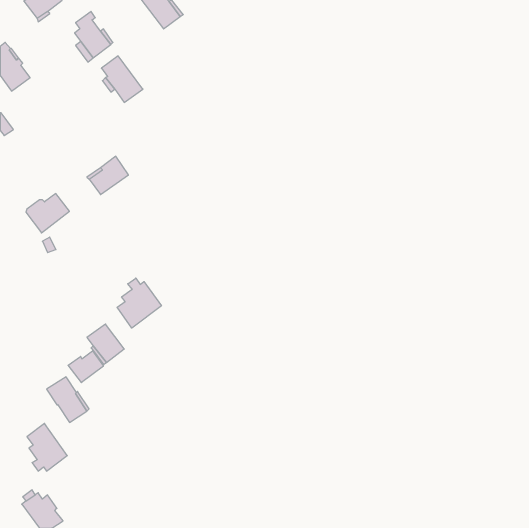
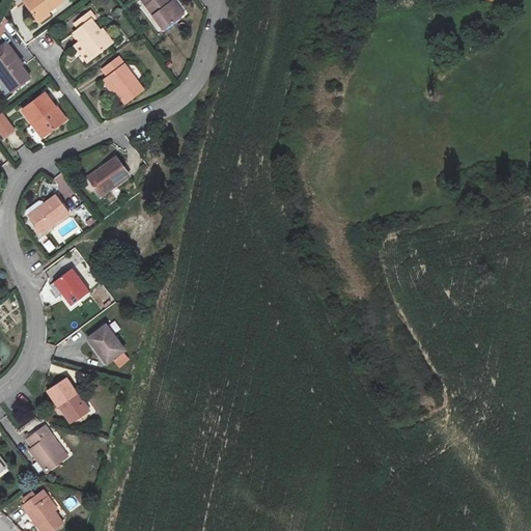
building: none -> [22,93,65,134]
building: none -> [54,268,89,305]
building: [117,278,161,328] -> none
building: [68,351,103,383] -> none

